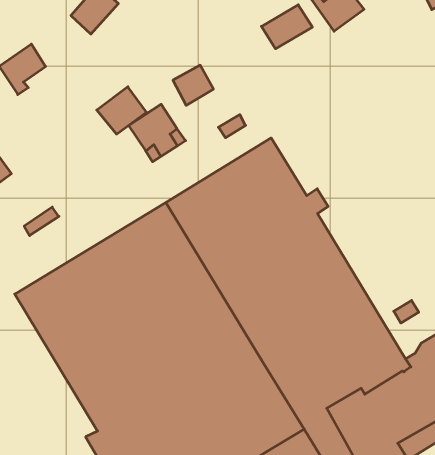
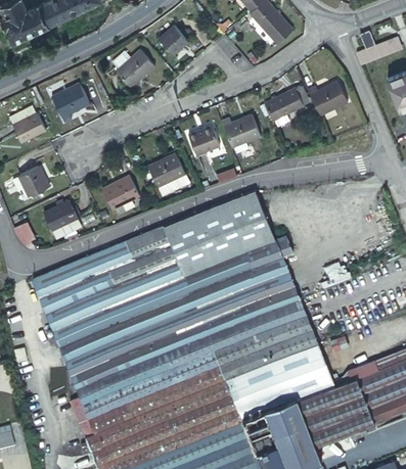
building: none -> [220,113,259,147]
building: [97,87,147,134] -> [100,172,139,207]
building: none -> [42,199,76,228]

